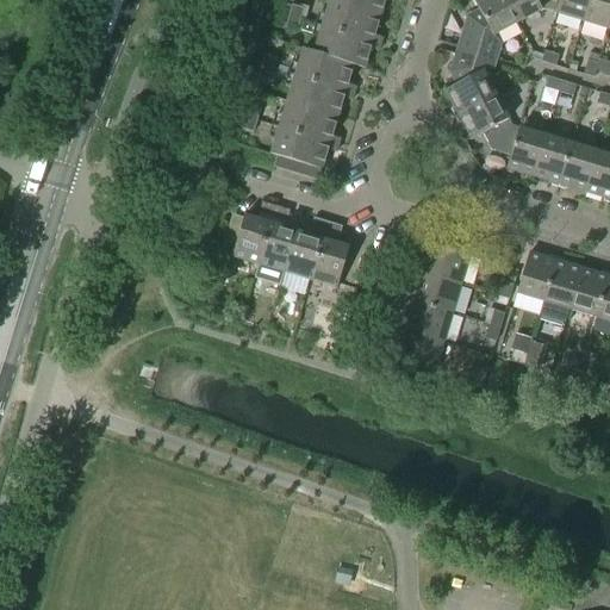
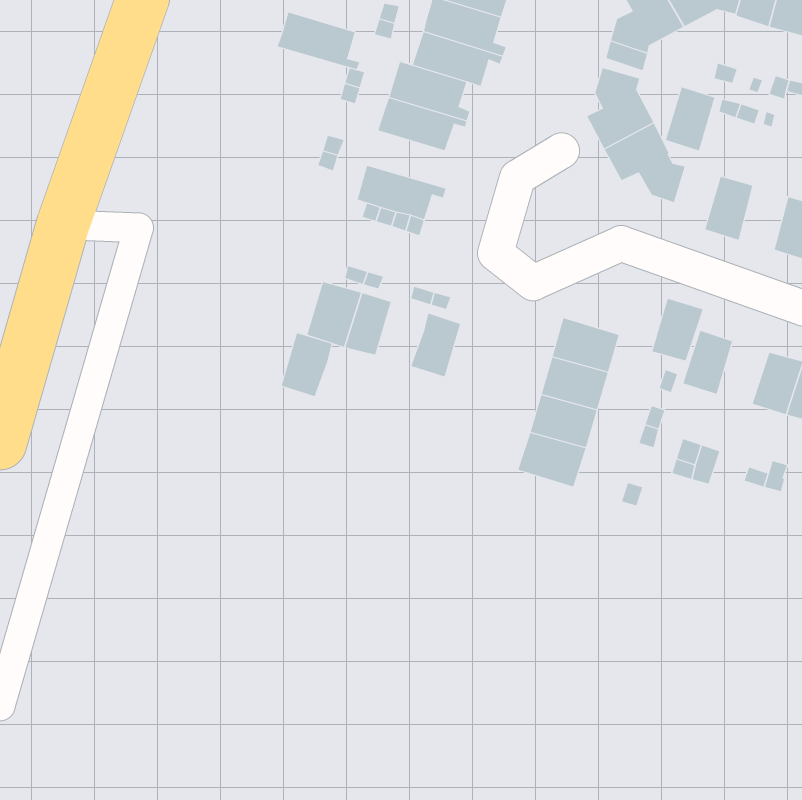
building: [279,99,342,143] -> [277,12,360,70]
building: [509,125,547,174] -> [665,87,715,151]
building: [561,141,598,189] -> none
building: [286,229,325,278] -> [281,332,333,397]
building: [544,259,584,306] -> [652,298,703,361]

